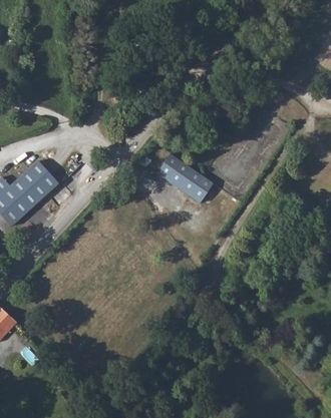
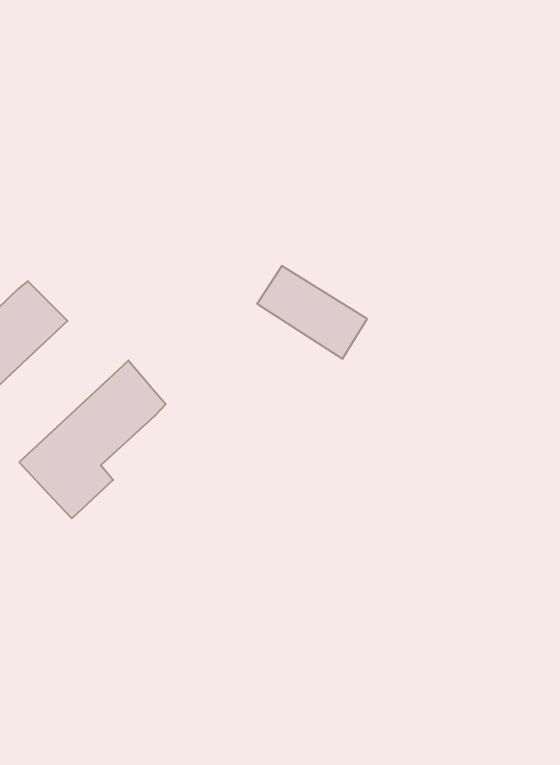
building: none -> [19,360,166,518]

